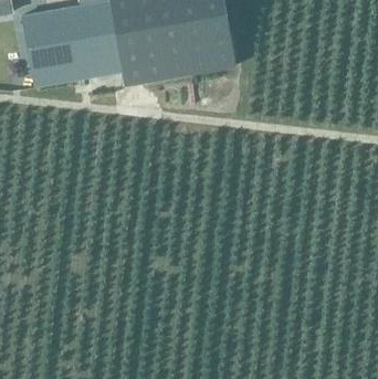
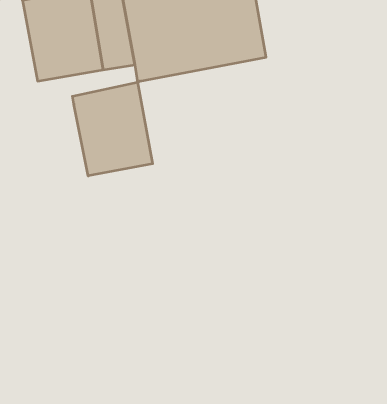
building: none -> [72,82,153,176]

